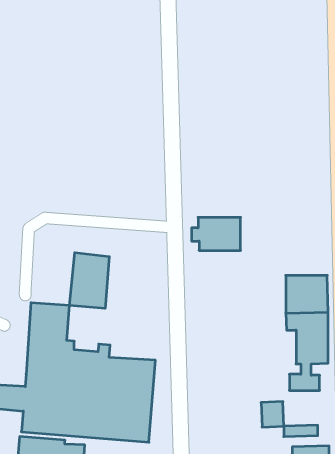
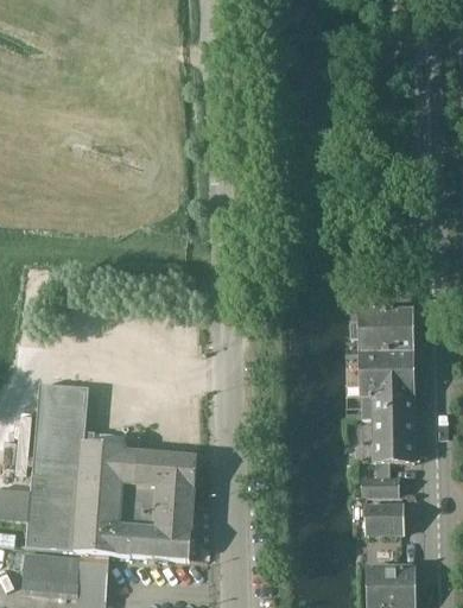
building: [192,217,241,250] -> [350,309,412,350]
building: [70,253,109,308] -> none
building: [261,402,284,427] -> [366,502,394,534]

